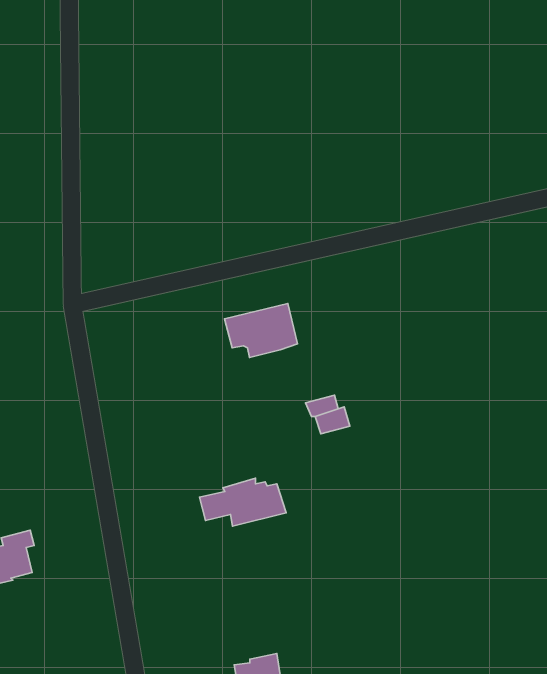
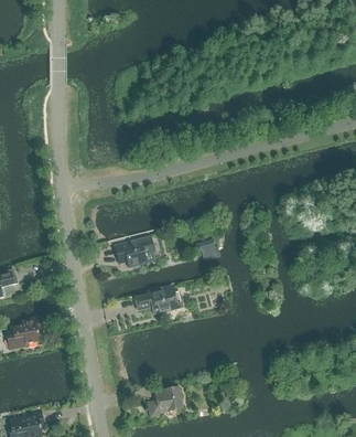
building: [224,304,298,357] -> [114,236,155,267]

